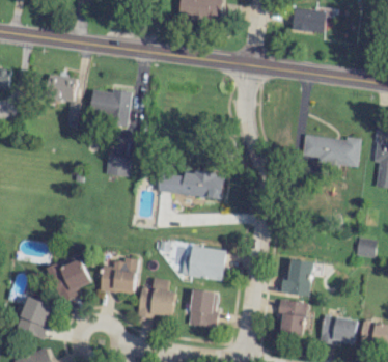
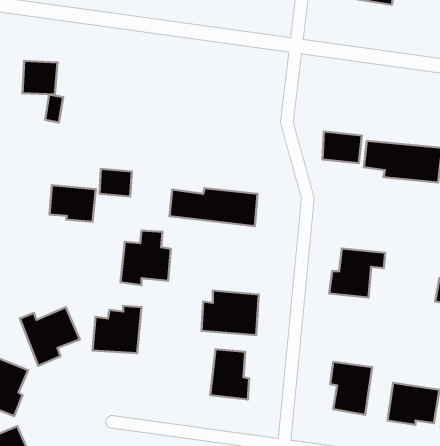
building: [90,88,131,127] -> none
building: none -> [323,132,362,163]
building: none -> [50,185,96,222]
building: [280,259,322,296] -> [329,249,385,298]
building: [137,278,174,318] -> [121,230,171,285]

